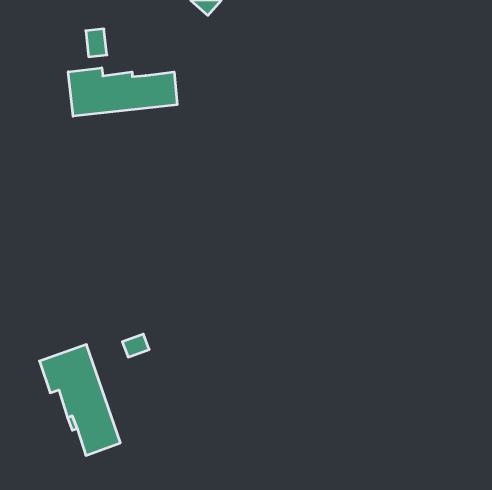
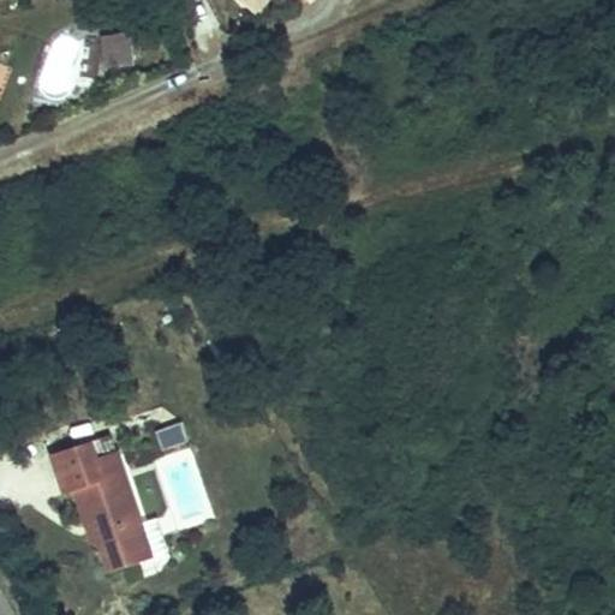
building: [68,68,177,116] -> none

